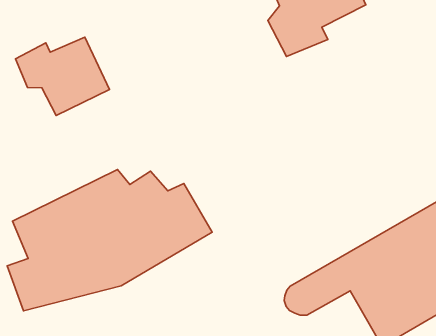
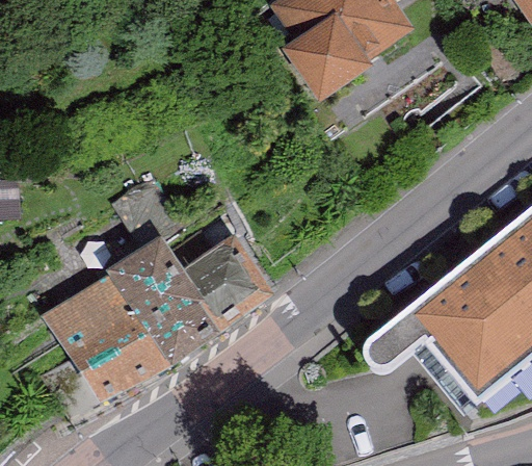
building: [15,37,110,116] -> none

